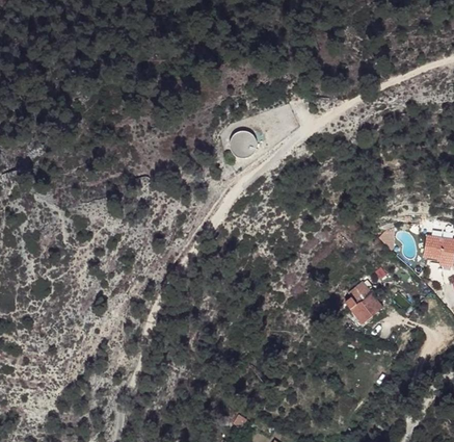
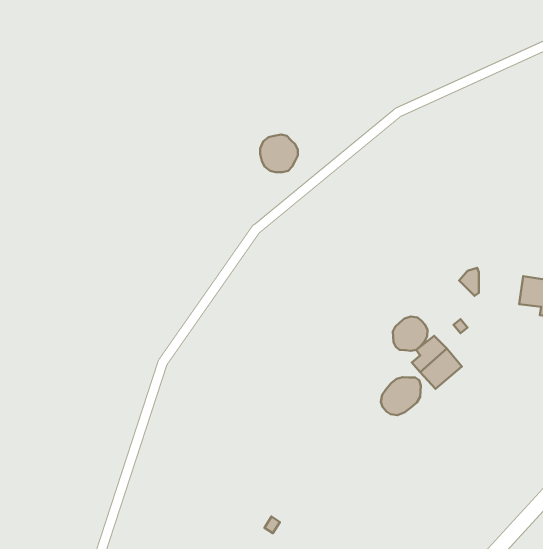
building: none -> [393,316,428,351]
building: none -> [381,377,421,415]

